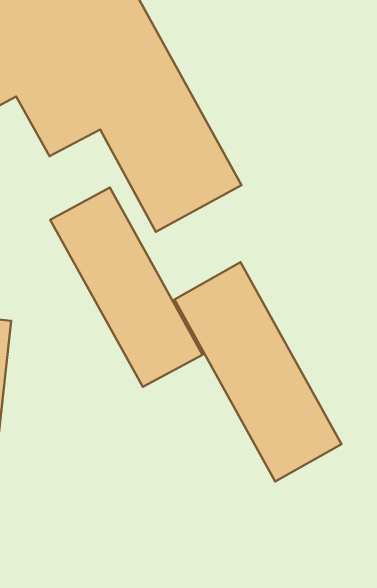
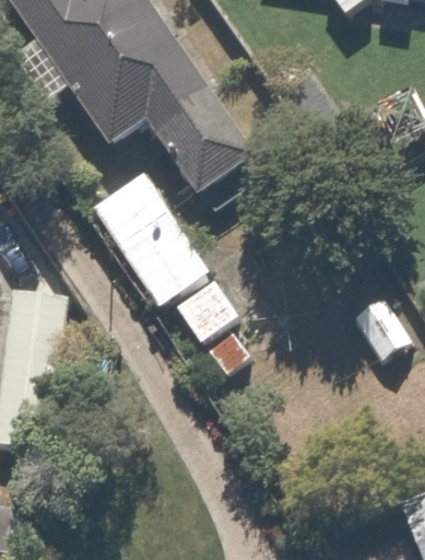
building: [174,262,341,482] -> none

